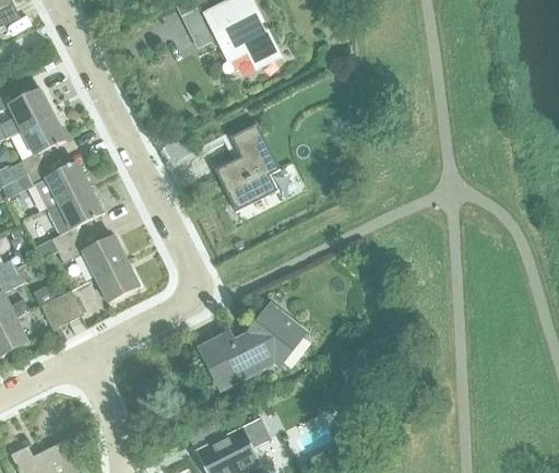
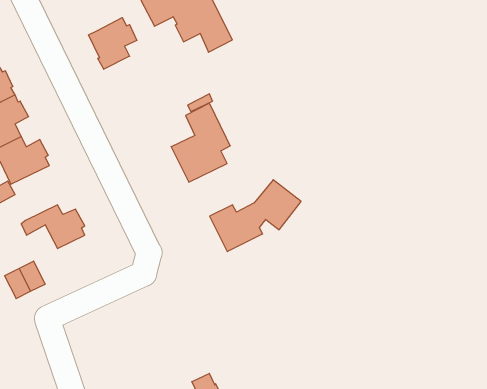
building: none -> [88,18,137,69]
building: [52,190,103,251] -> none
building: [96,263,140,301] -> none
building: [203,309,299,385] -> [210,180,301,252]

